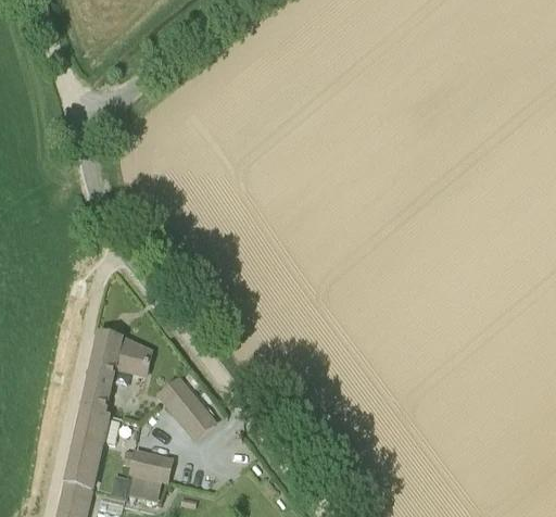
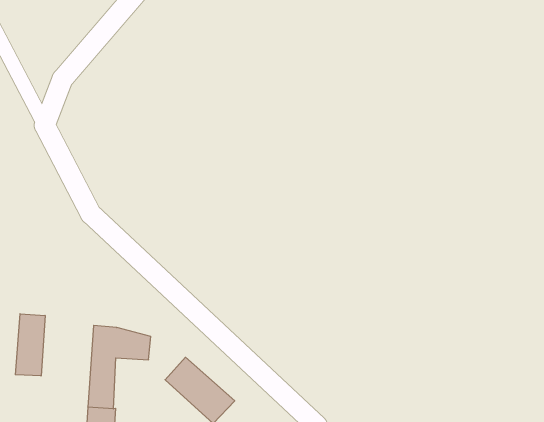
building: none -> [15,314,45,376]

